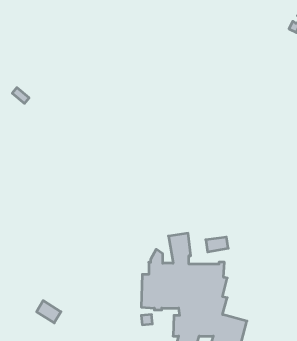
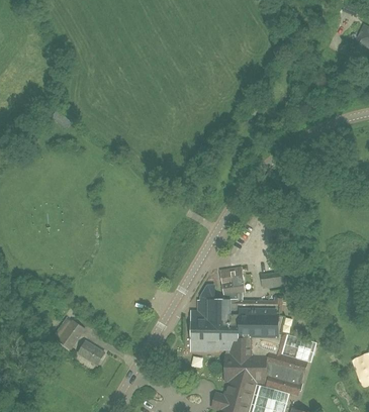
building: none -> [56,319,85,349]

